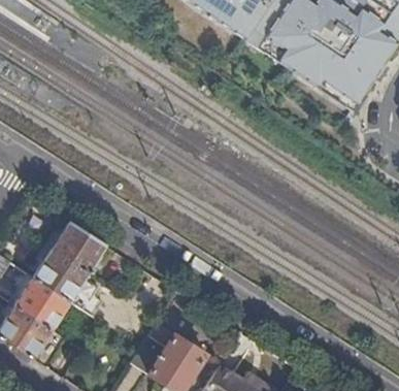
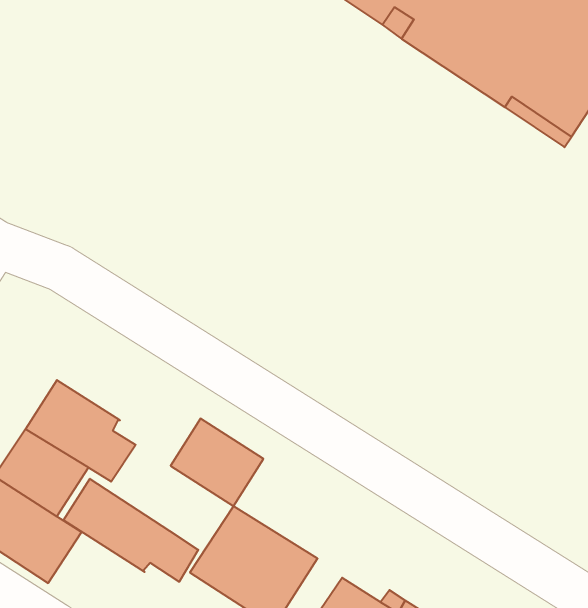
building: [53,220,107,271] -> [171,419,263,506]
building: none -> [64,479,198,582]

